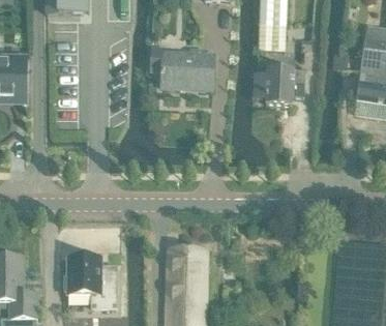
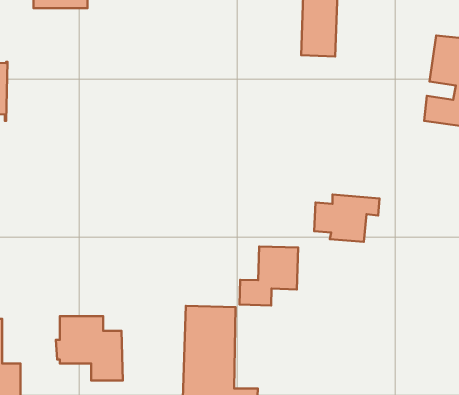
building: [150,47,214,90] -> none
building: [251,69,303,107] -> [314,195,380,242]
building: none -> [240,246,298,306]

